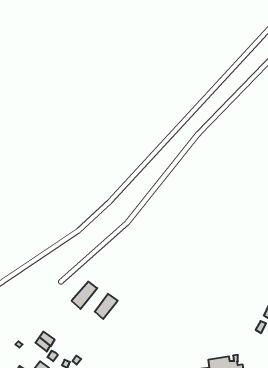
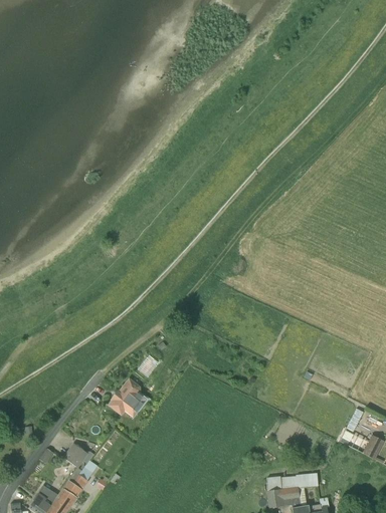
building: [95,294,118,319] -> none

